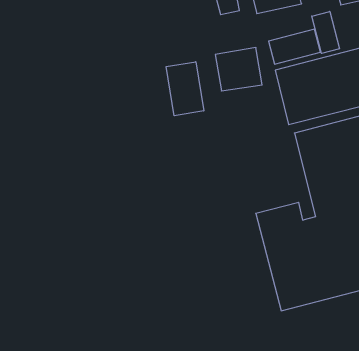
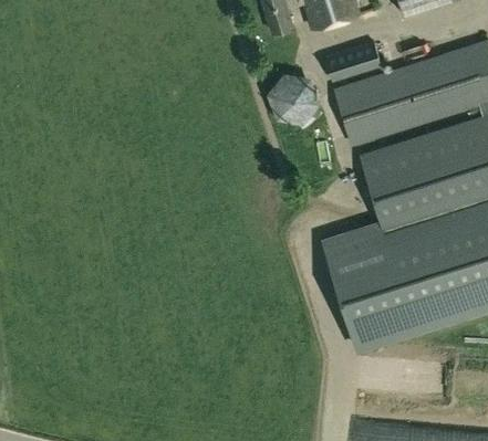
building: [312,11,339,53] -> none
building: [166,62,204,116] -> none

